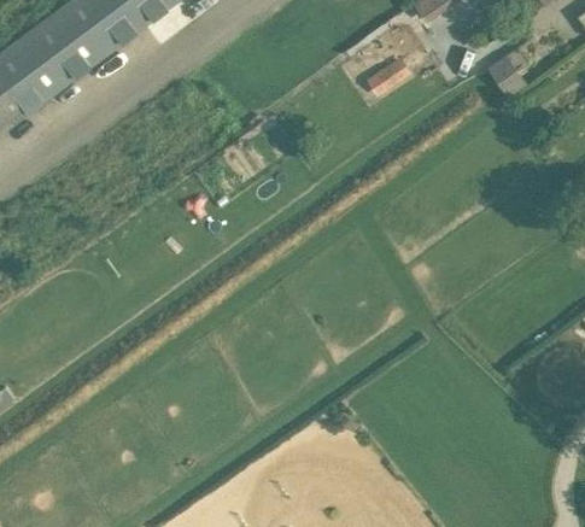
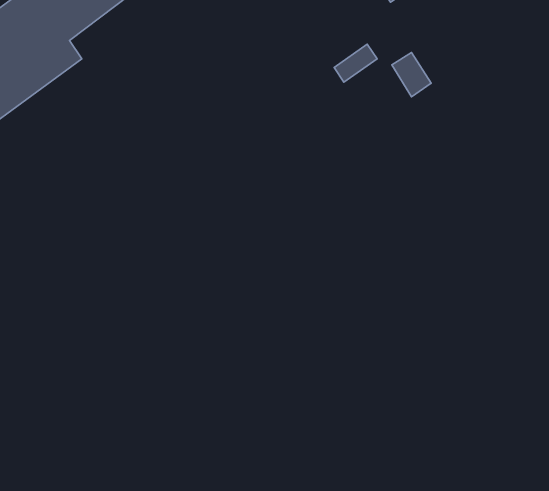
building: [487,52,526,95] -> [392,52,431,97]

